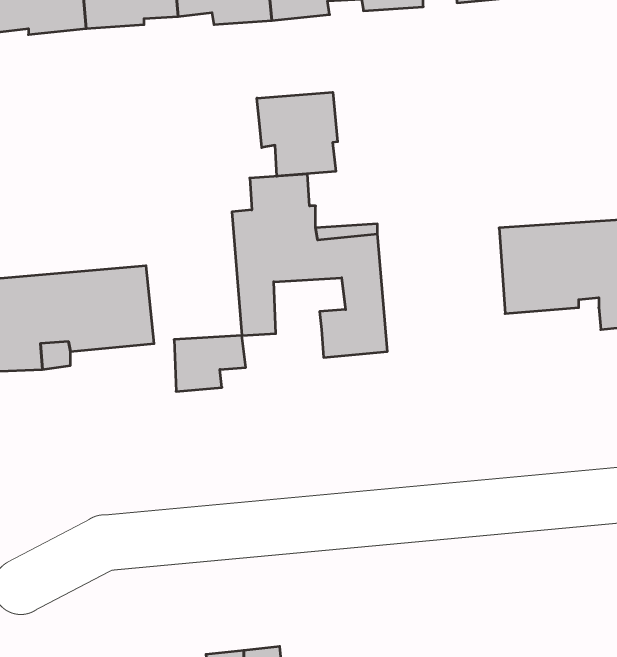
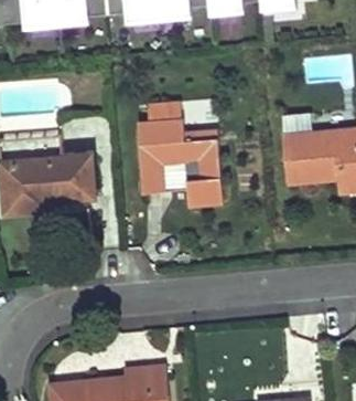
building: [257,92,338,176] -> none
building: [174,336,246,391] -> [160,161,199,192]

